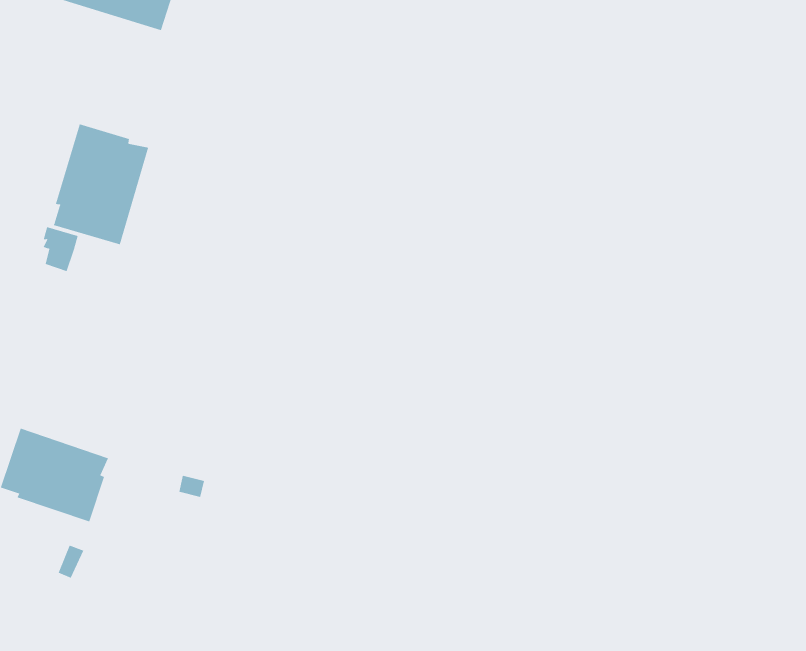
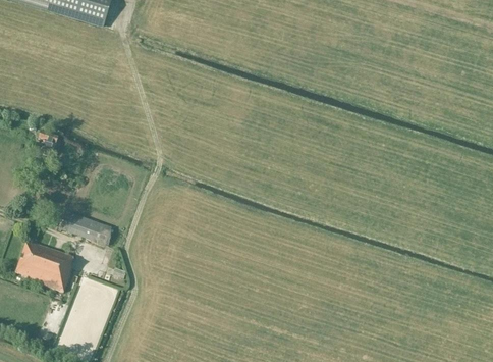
building: [53,123,149,245] -> none
building: none -> [59,210,111,244]

